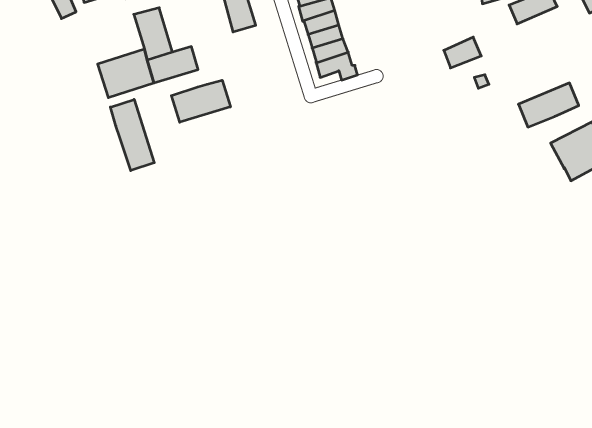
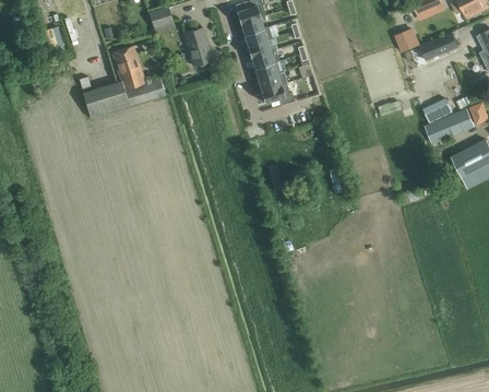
building: [444,37,481,68] -> [424,96,454,121]
building: [171,80,230,122] -> none
building: [110,99,154,171] -> none

